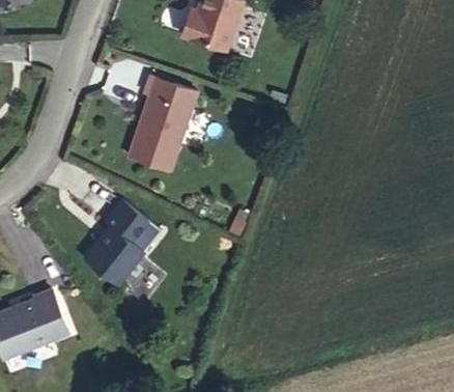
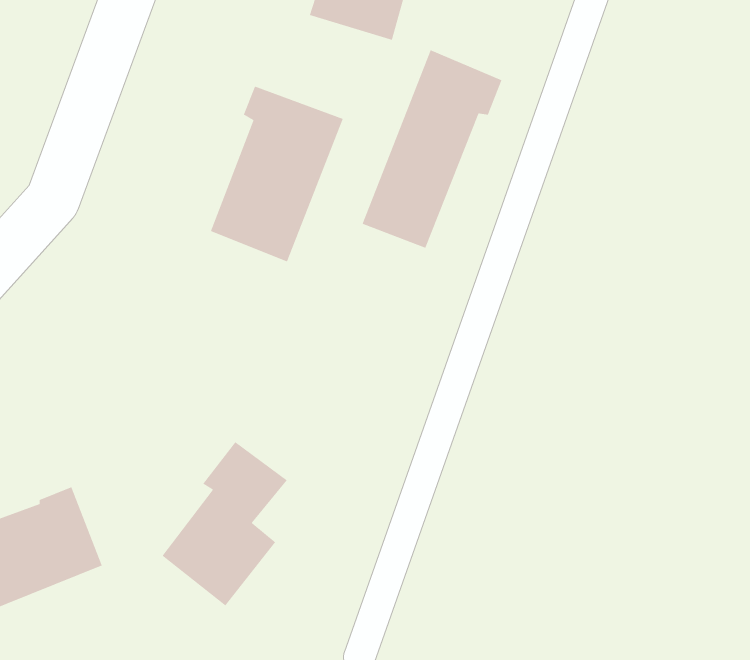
building: none -> [362,49,502,249]
building: [81,197,148,285] -> [161,441,288,606]

